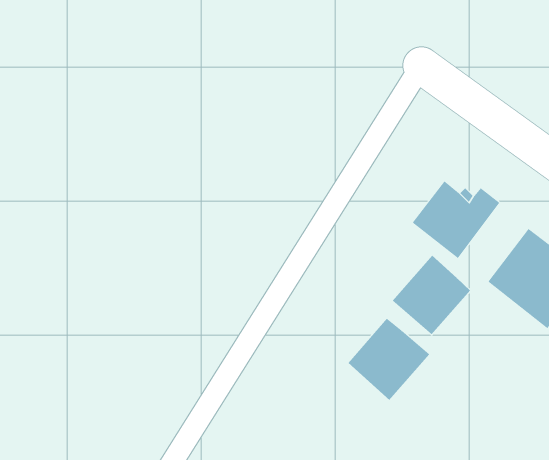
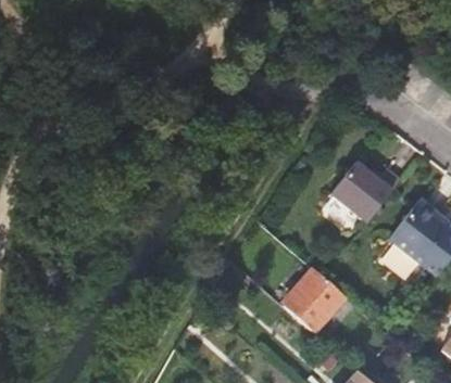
building: [392,255,471,335] -> none

